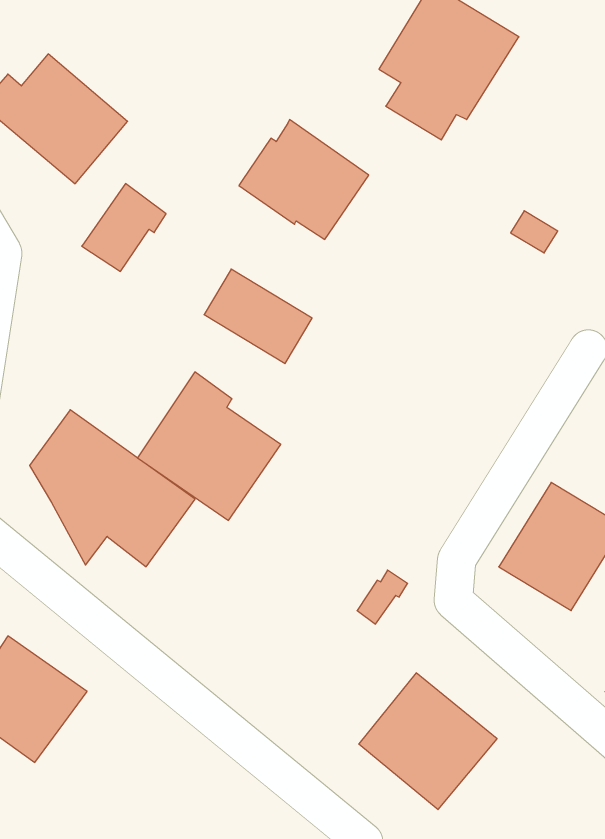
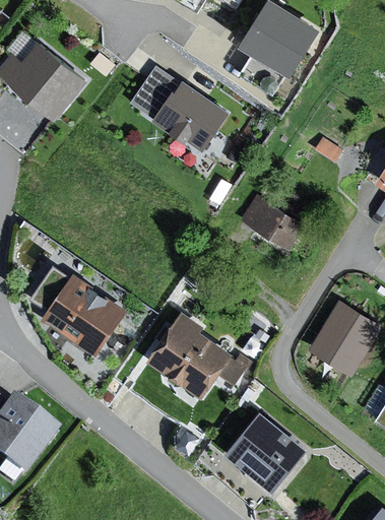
building: [82,184,166,271] -> [129,65,180,118]
building: [204,269,312,364] -> [240,194,305,251]
building: [137,372,281,520] -> [145,312,232,401]

